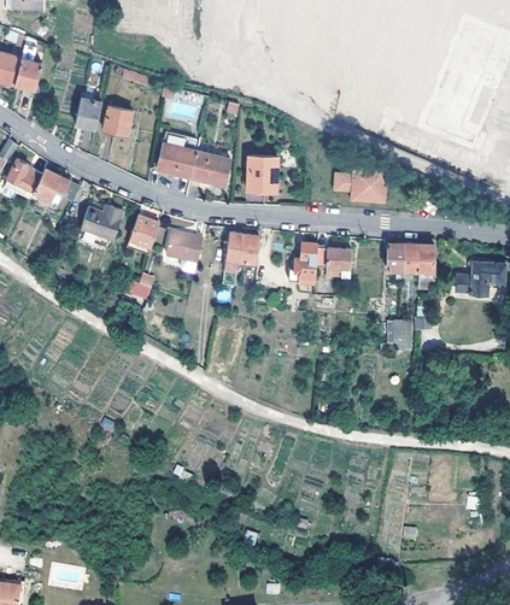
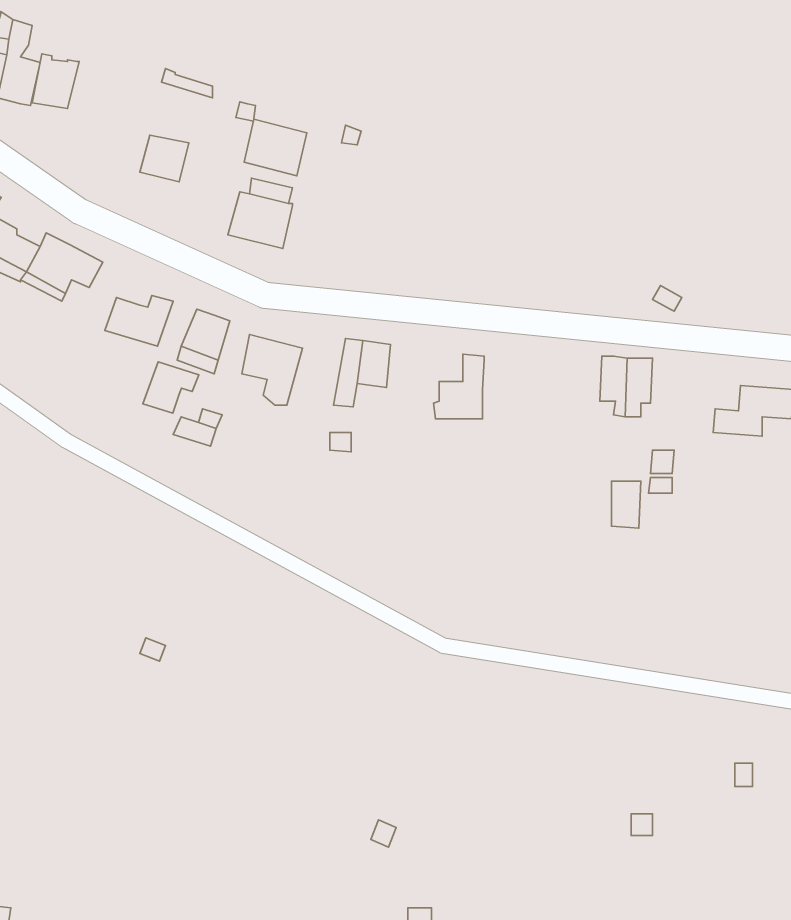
building: [75,94,104,128] -> [32,54,79,109]
building: [190,151,229,186] -> [244,119,307,176]
building: [246,155,276,192] -> none
building: [333,168,386,204] -> none
building: [417,245,438,283] -> none
building: [313,246,350,275] -> none
building: none -> [143,362,199,413]

